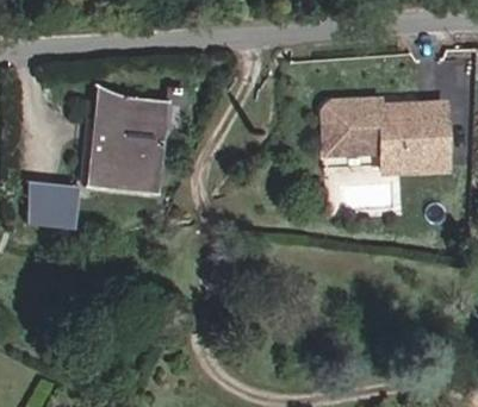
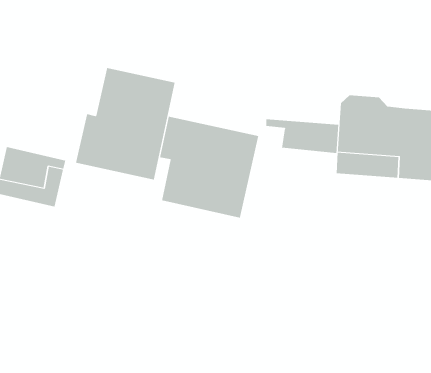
building: none -> [266,118,339,154]
building: none -> [160,116,259,218]

